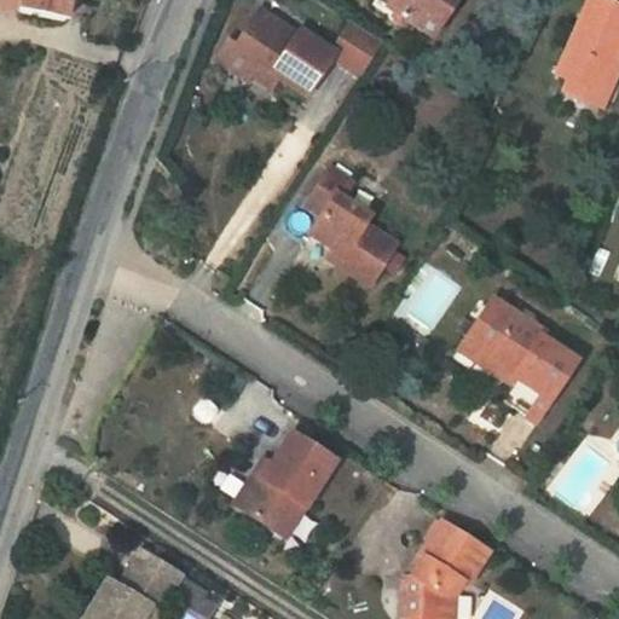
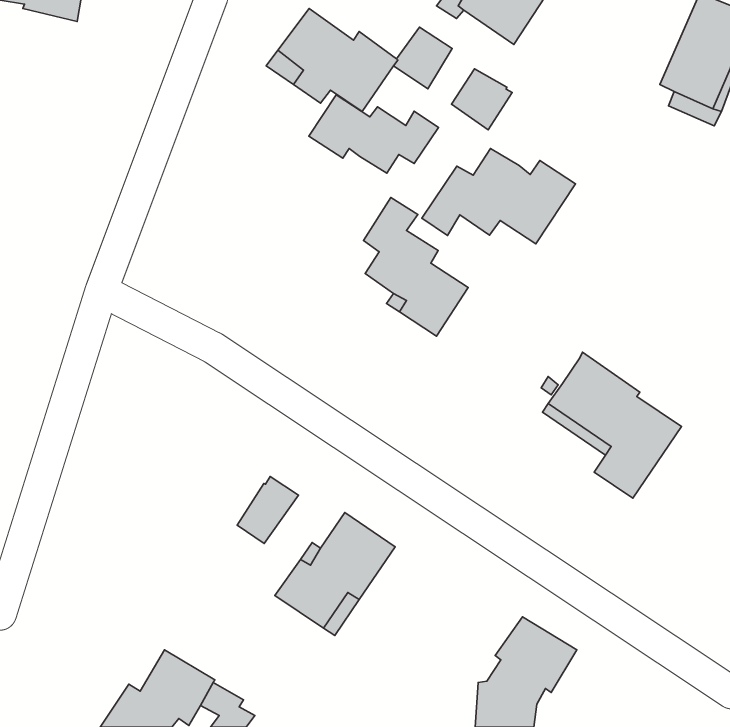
building: none -> [452,69,512,130]
building: none -> [309,95,438,173]
building: none -> [422,148,575,244]
building: none -> [237,476,299,543]

